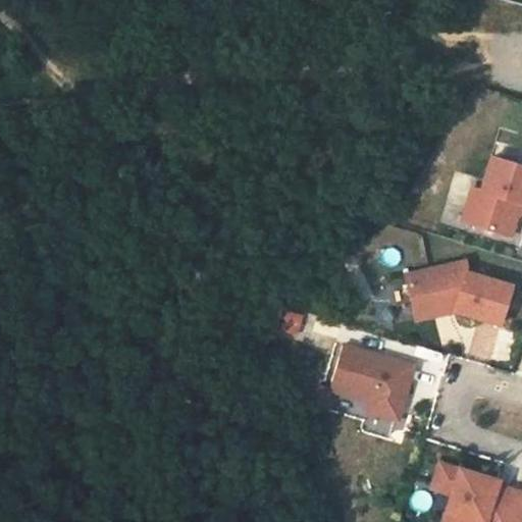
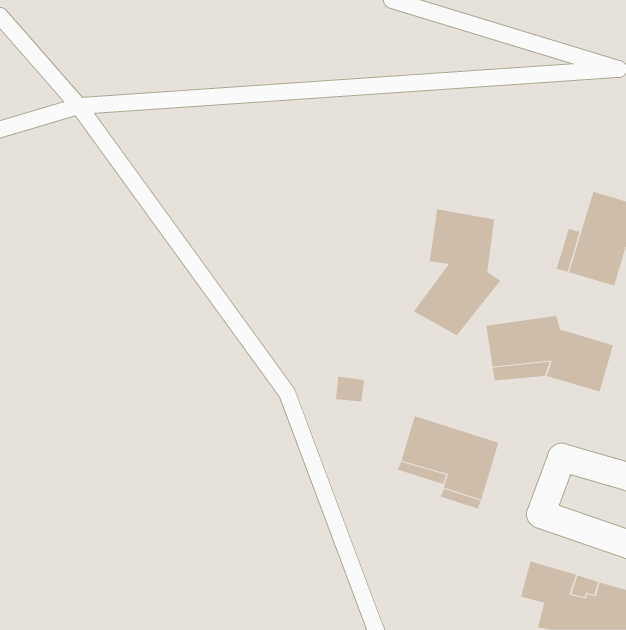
building: none -> [413,208,501,336]

